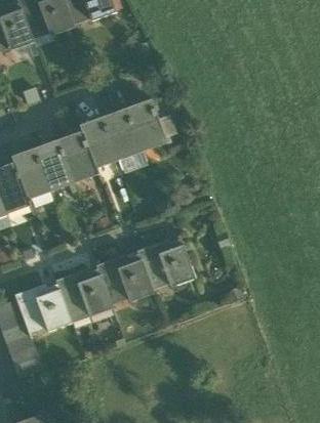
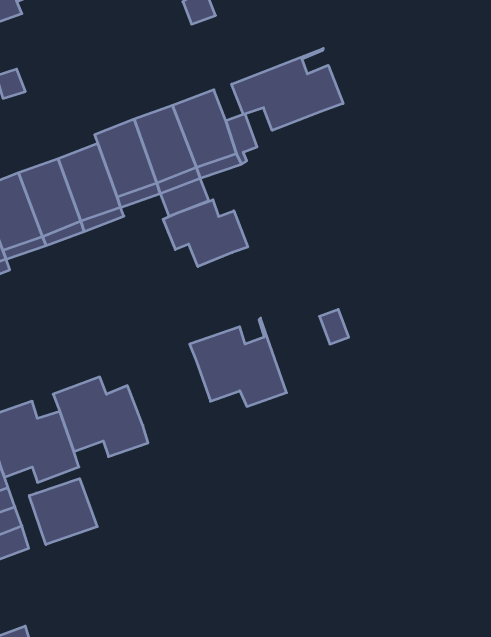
building: none -> [232,48,343,130]
building: none -> [163,200,248,267]
building: [96,252,153,300] -> none
building: none -> [29,479,97,545]

